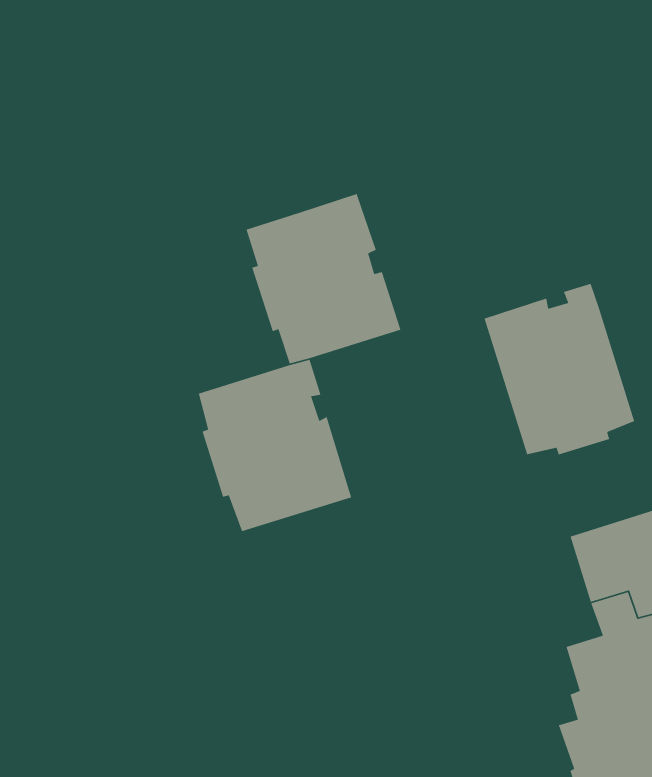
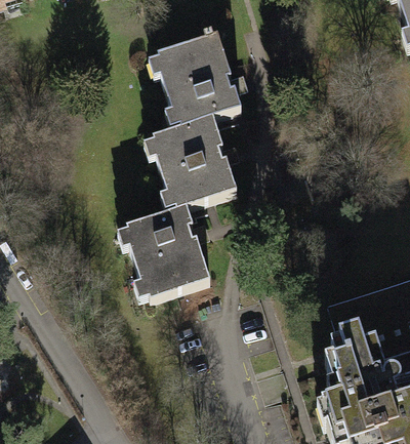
building: none -> [158,32,242,128]
building: [483,283,635,456] -> none

